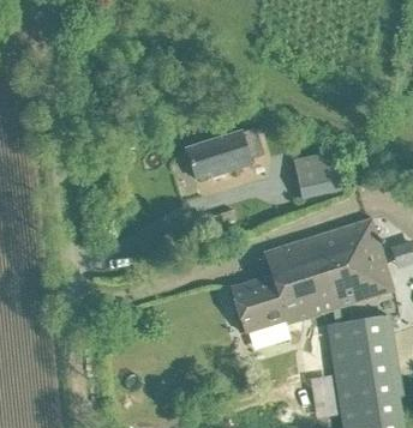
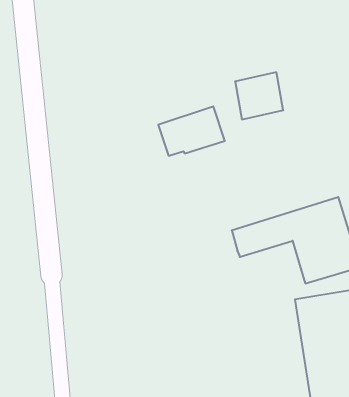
building: [294,147,345,197] -> [235,72,283,119]
building: [231,264,337,328] -> none

